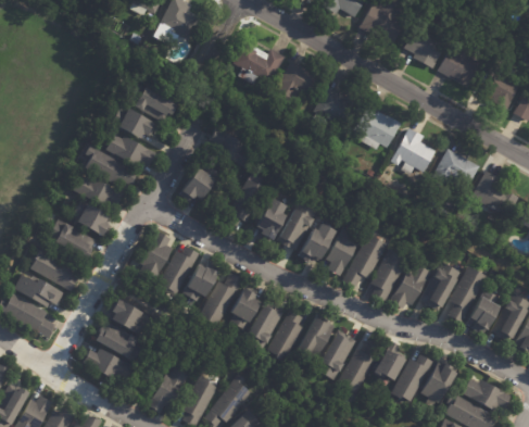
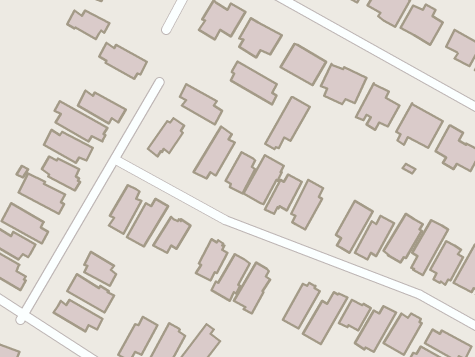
building: none -> [231,61,277,105]
building: [112,108,155,137] -> [67,10,110,39]
building: [342,231,388,285] -> [265,97,310,149]
building: [200,271,245,330] -> none
building: [300,316,336,359] -> none

